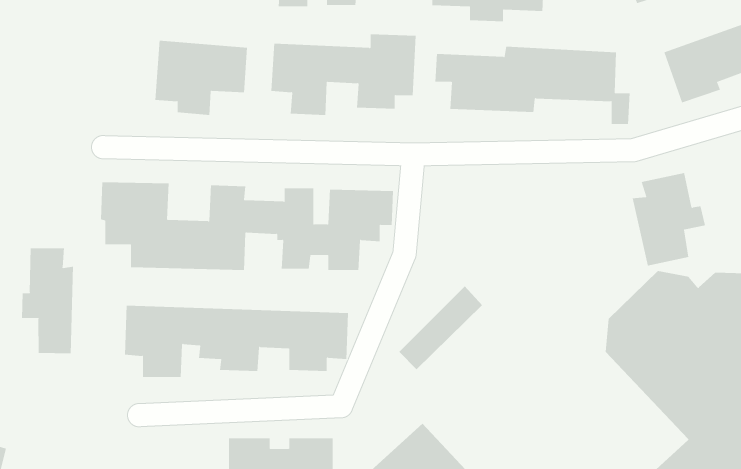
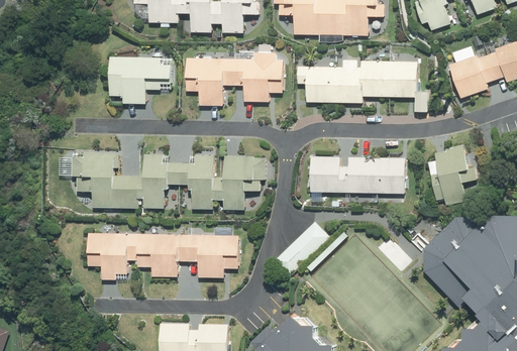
building: none -> [310,157,403,193]
building: [21,247,73,354] -> none

